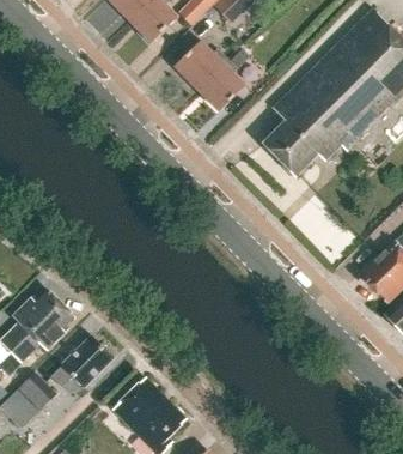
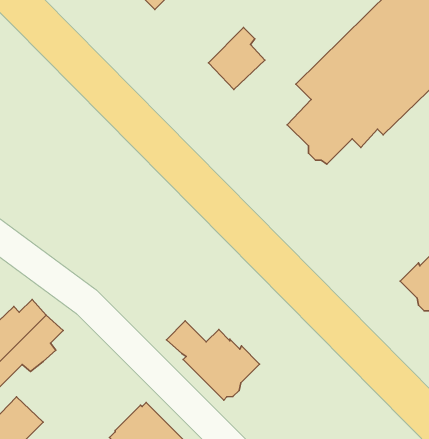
building: [175,42,227,90] -> none
building: none -> [166,321,260,400]
building: [51,337,114,388] -> none

